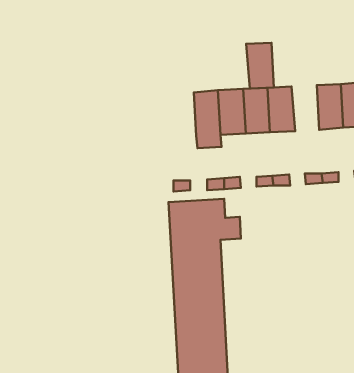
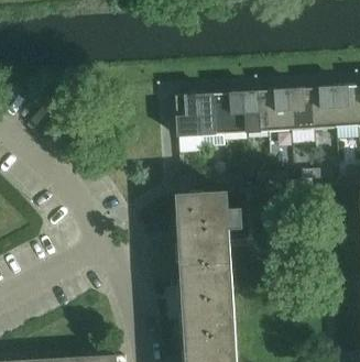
building: [246,43,274,89] -> [287,87,313,129]
building: none -> [175,94,200,135]

